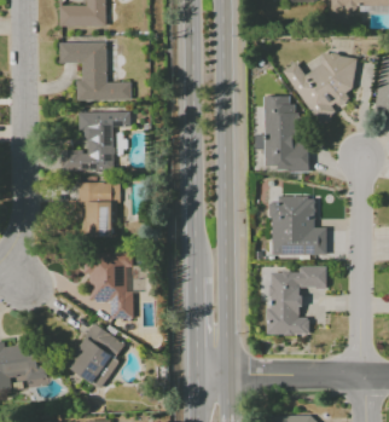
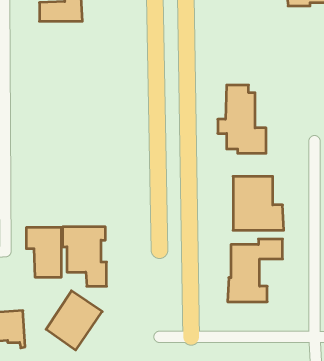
building: [59,41,132,100] -> none
building: [283,47,361,122] -> none
building: [62,111,130,170] -> none
building: [79,181,117,236] -> [26,228,61,277]

